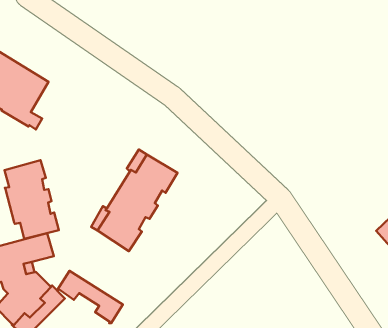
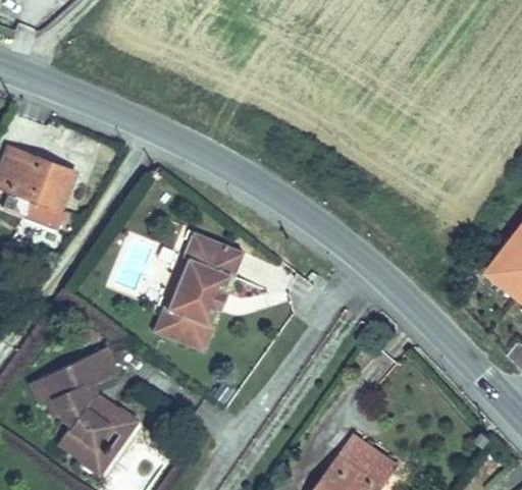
building: [5,160,59,239] -> none
building: [57,271,123,323] -> none

